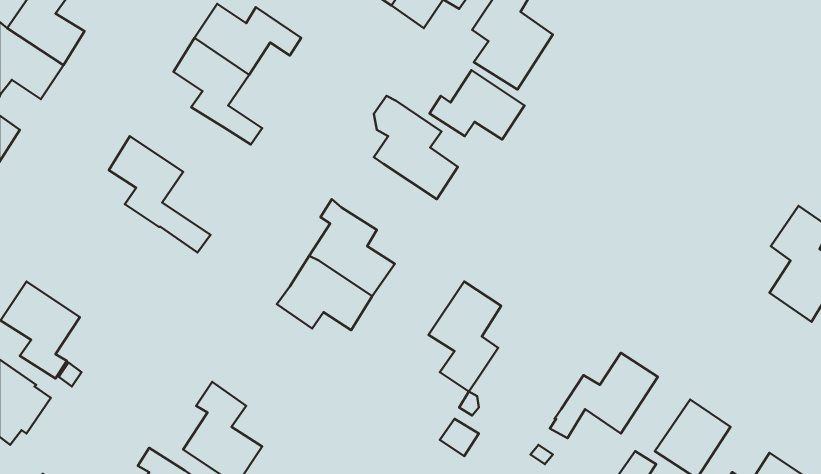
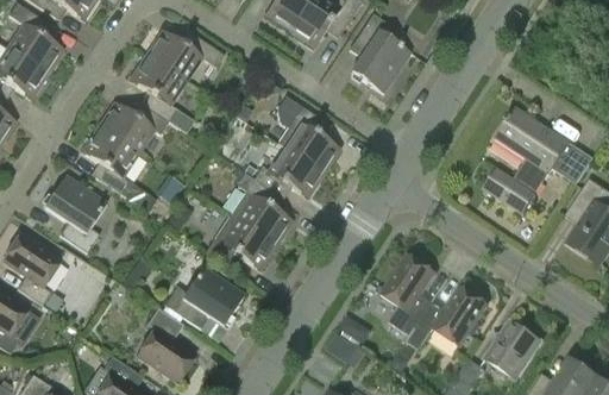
building: [429,70,525,139] -> [253,146,324,197]
building: none -> [98,101,168,152]
building: none -> [484,106,594,212]
building: none -> [45,175,106,252]
building: [429,282,501,391] -> [381,253,434,334]
building: none -> [164,267,244,328]

